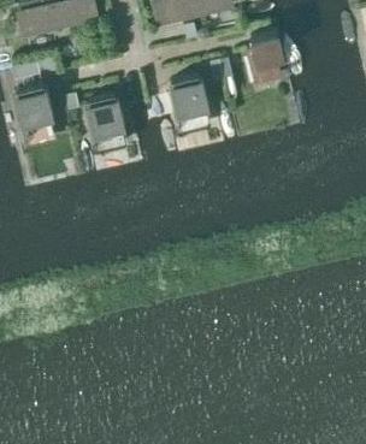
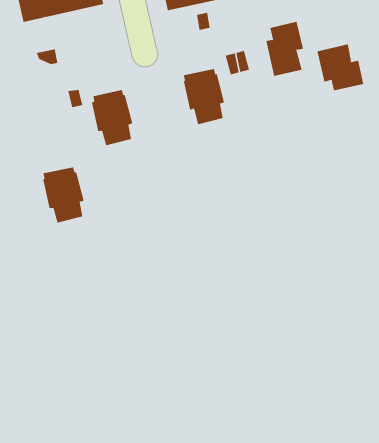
building: none -> [317,44,364,91]
building: [16,88,54,140] -> [42,167,84,223]

